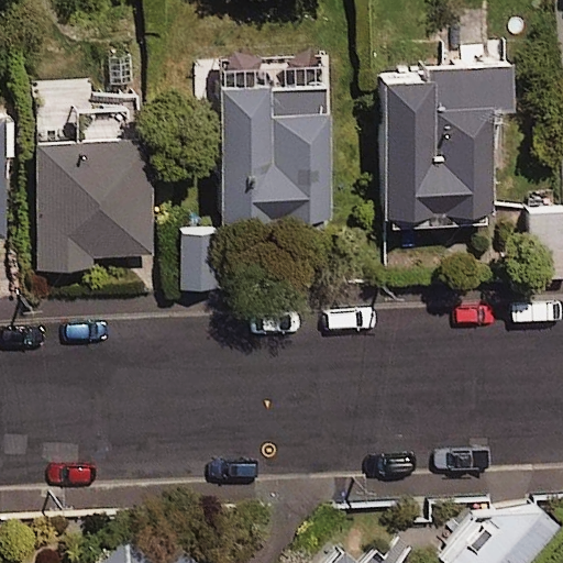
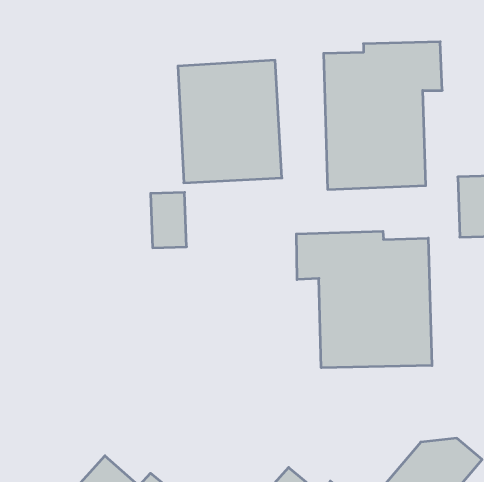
building: [32,135,155,275] -> none
building: none -> [296,231,432,368]

